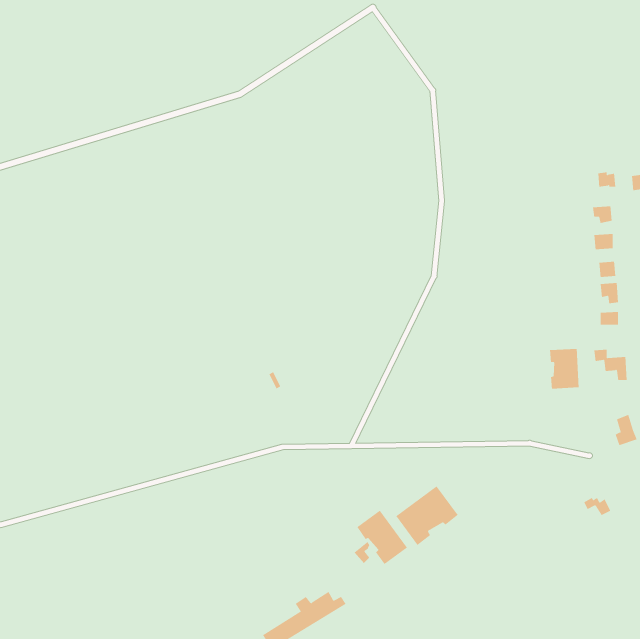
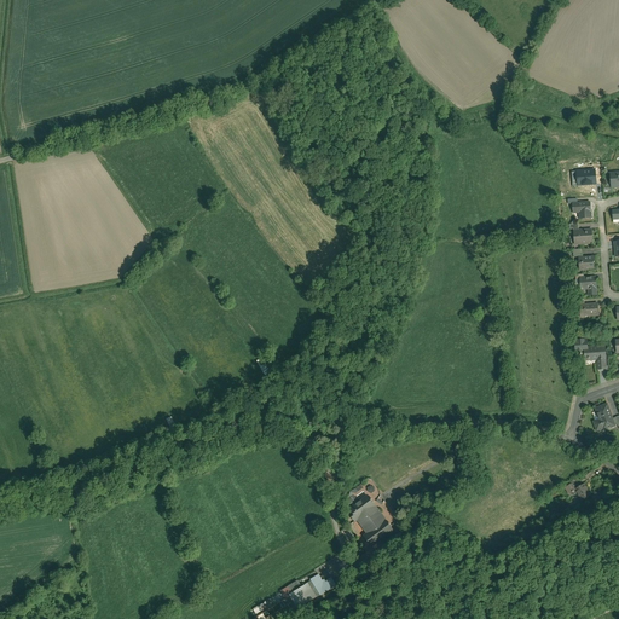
building: [549,348,579,389] -> none
building: [396,486,459,546] -> none

